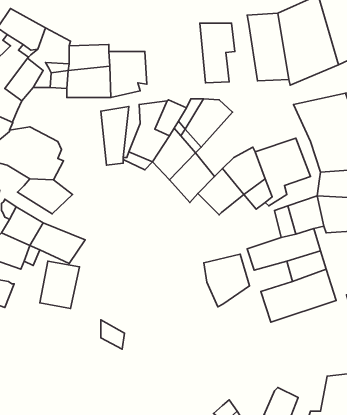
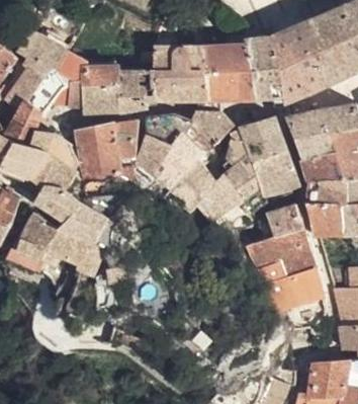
building: none -> [225,46,253,99]
building: none -> [152,47,206,101]
building: none -> [226,116,287,167]
building: none -> [78,126,117,177]
building: none -> [61,200,112,241]
building: [204,254,250,307] -> none

